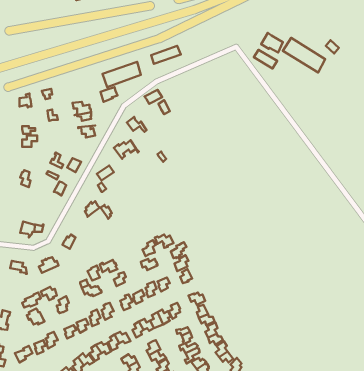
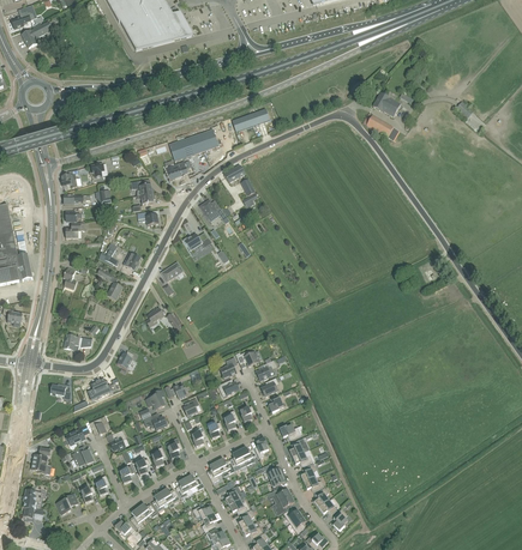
building: [283,38,325,73] -> none

